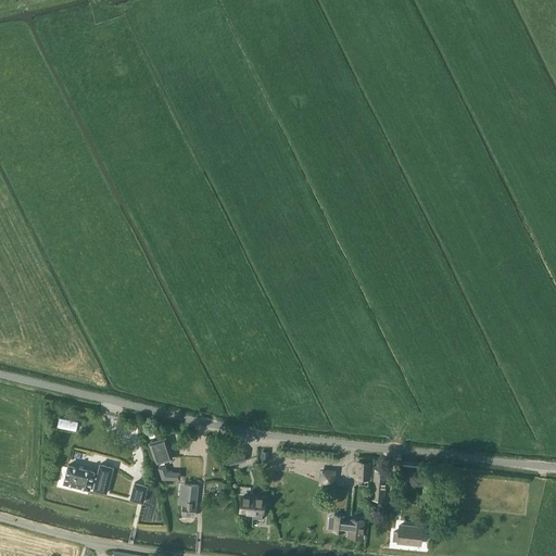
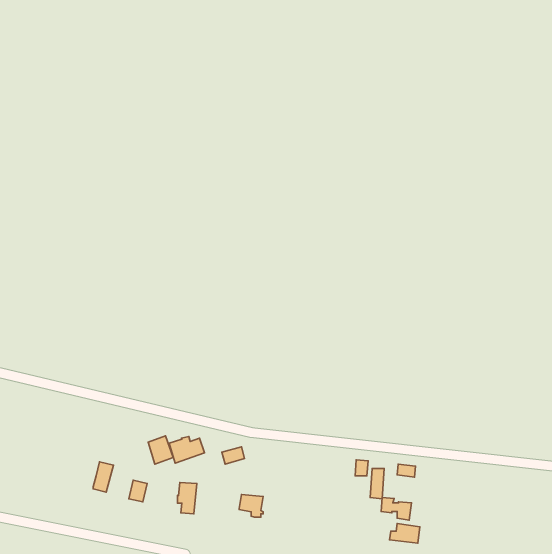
building: none -> [169,436,204,463]
building: [64,464,98,490] -> none
building: [333,515,364,538] -> [381,497,411,520]

